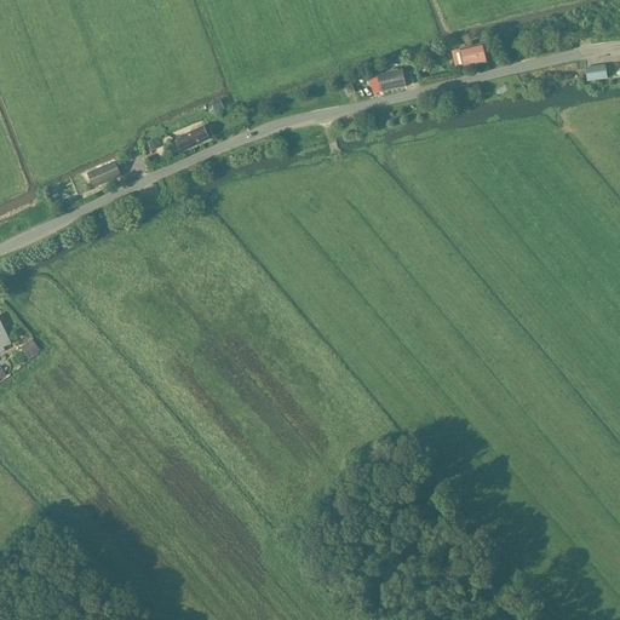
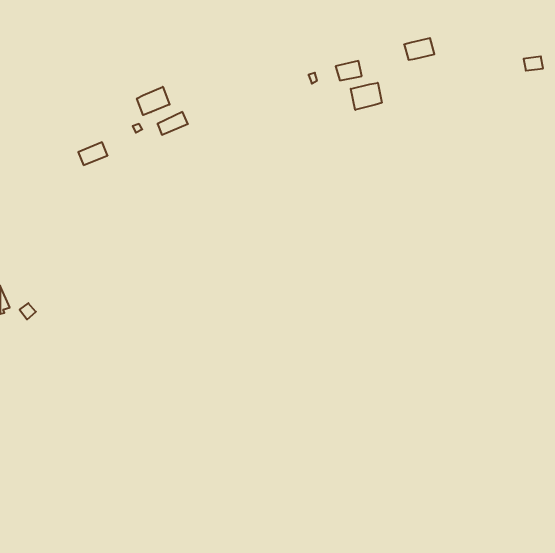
building: none -> [351,83,382,110]
building: none -> [137,87,170,115]

